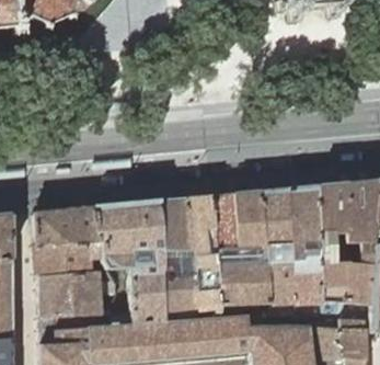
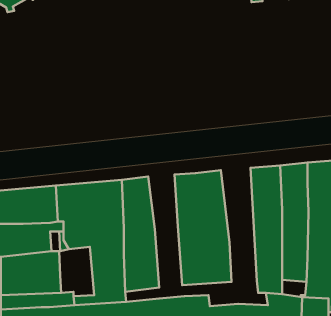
building: [257,190,293,304] -> none
building: [185,196,220,315] -> none

